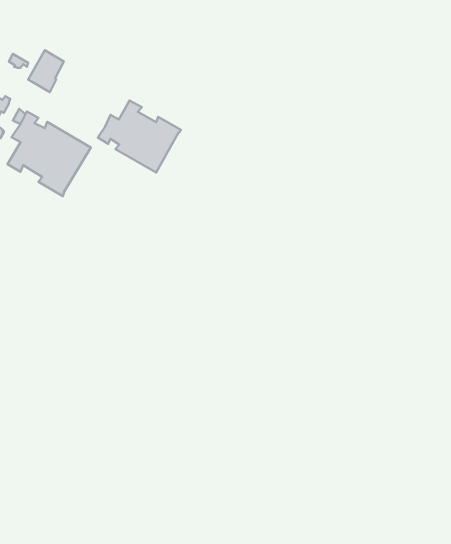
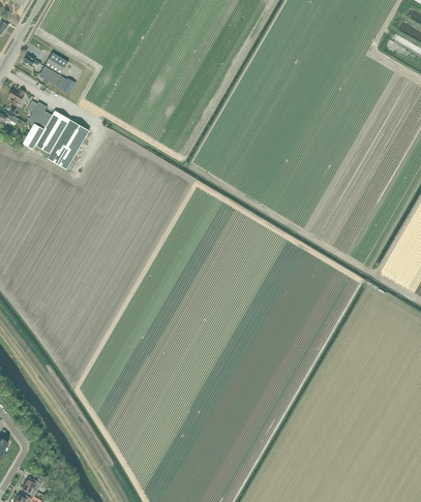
building: [98,100,181,172] -> none

